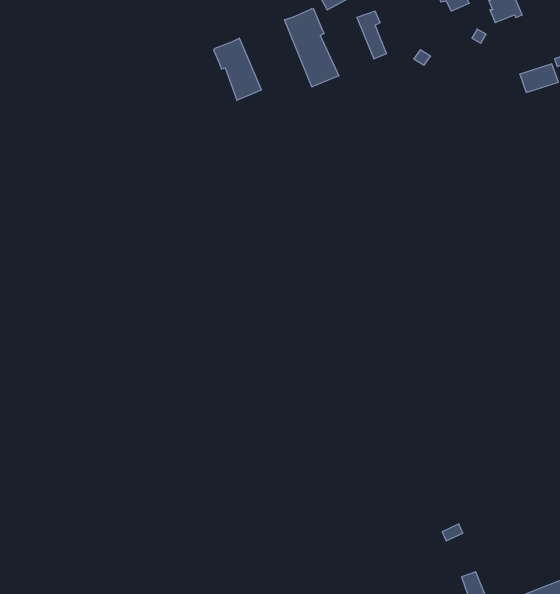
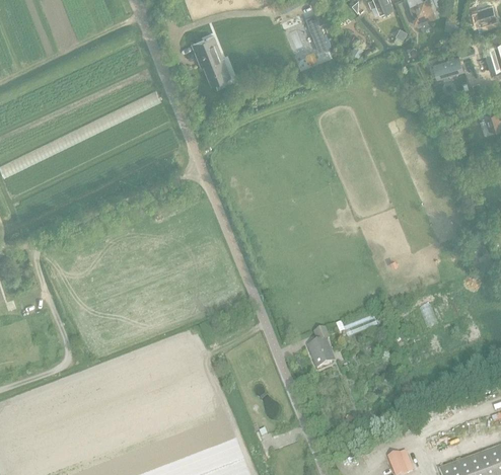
building: [285,9,339,87] -> none
building: none -> [307,326,332,366]

